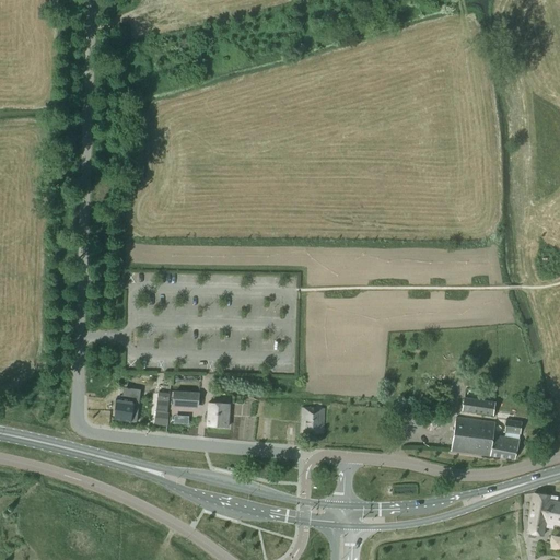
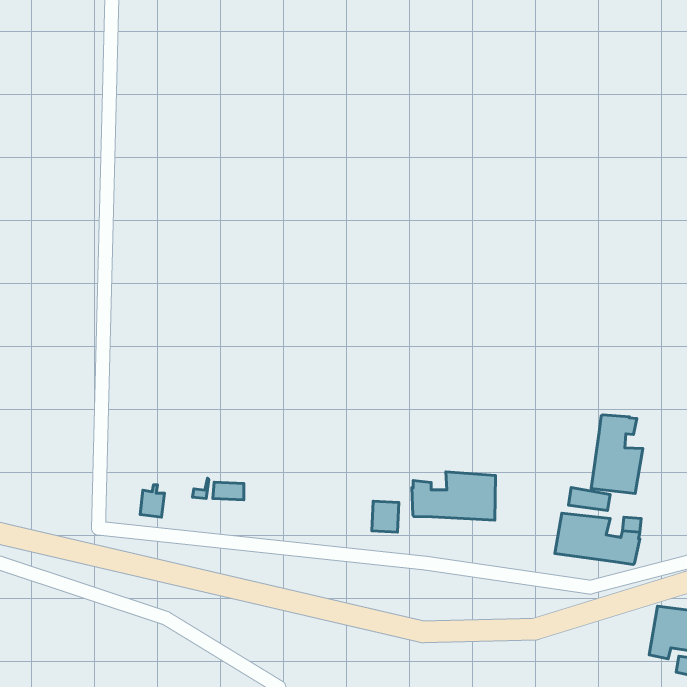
building: none -> [591,415,643,493]
building: none -> [412,472,496,520]
building: [206,402,230,427] -> none

